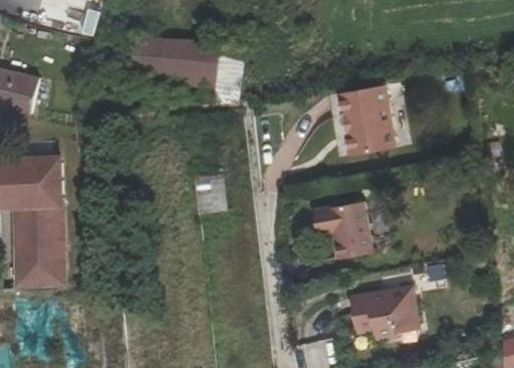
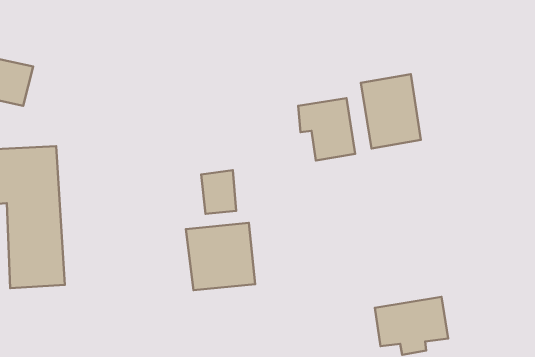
building: [127,37,244,87] -> none
building: [321,203,373,260] -> [298,98,355,160]
building: none -> [186,223,255,290]

